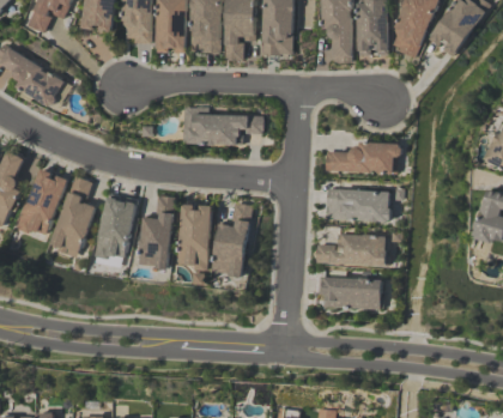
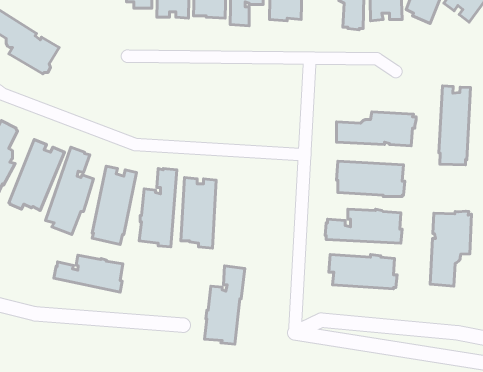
building: [182,105,263,145] -> none
building: none -> [439,86,470,165]
building: [214,202,253,277] -> [204,266,245,344]
building: none -> [430,211,471,286]
building: none -> [54,255,123,292]

